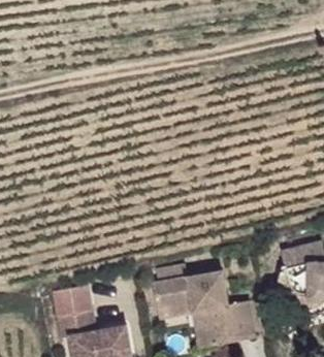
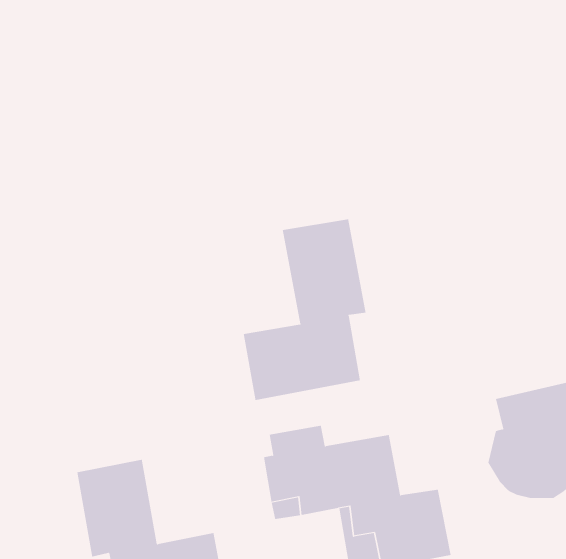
building: none -> [243,219,366,401]

